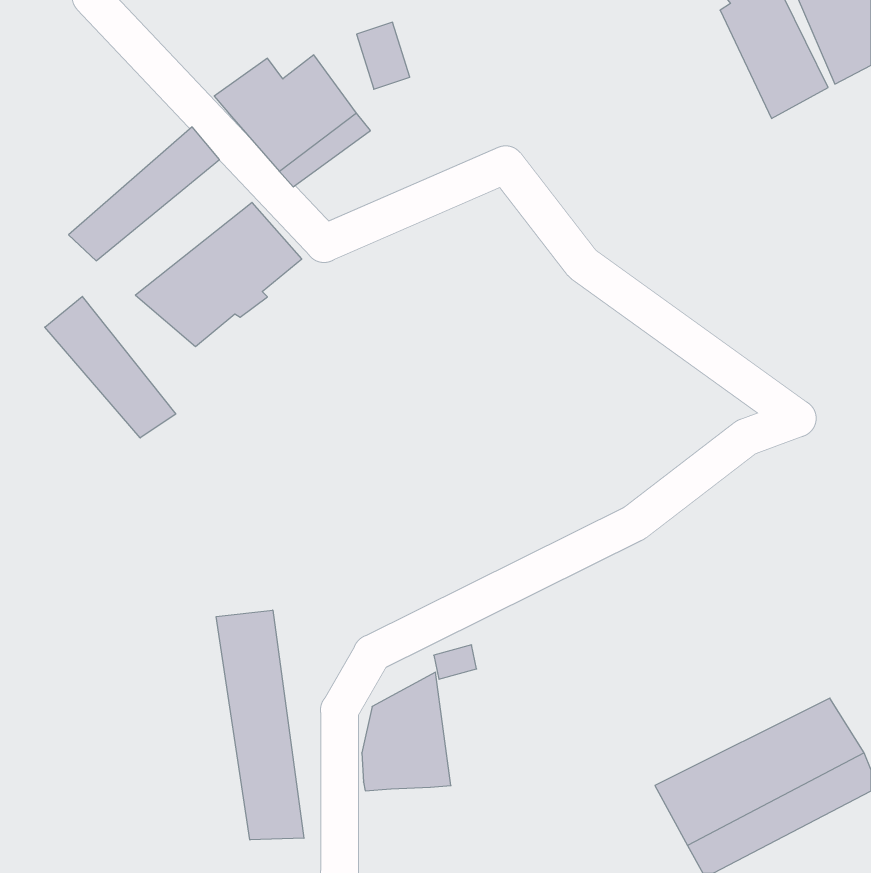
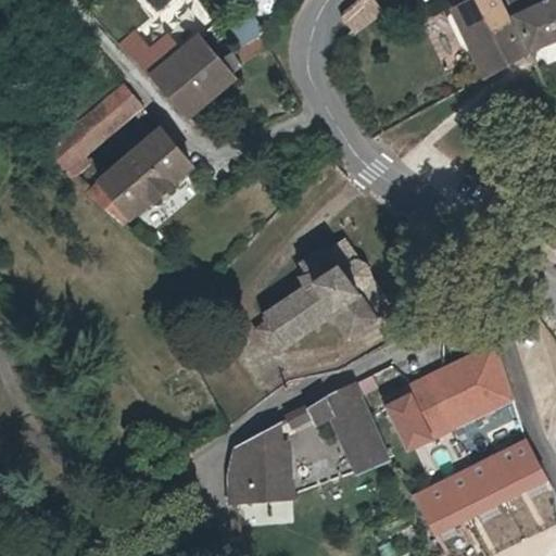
building: [45,296,176,438] -> none
building: none -> [263,232,390,339]
building: none -> [386,349,518,450]
building: none -> [308,383,389,472]
building: [216,610,304,840] -> none

